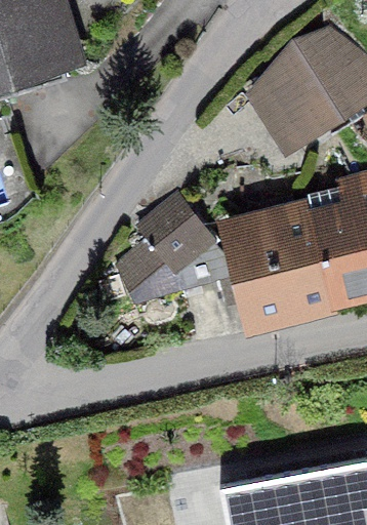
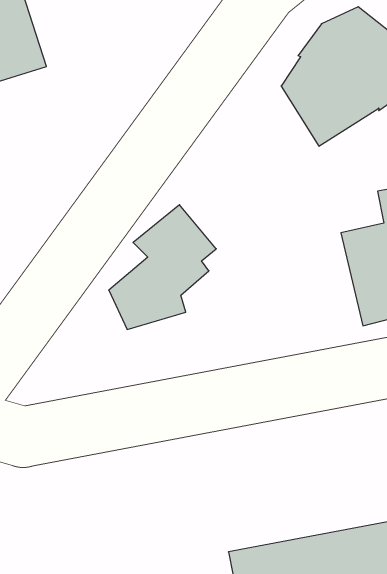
building: [221,219,331,316] -> none

